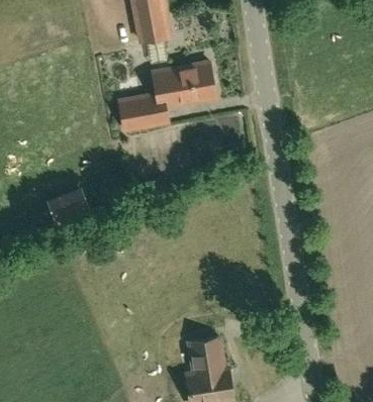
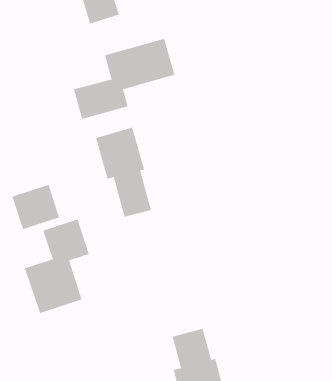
building: none -> [96,127,152,217]
building: none -> [24,219,89,314]

